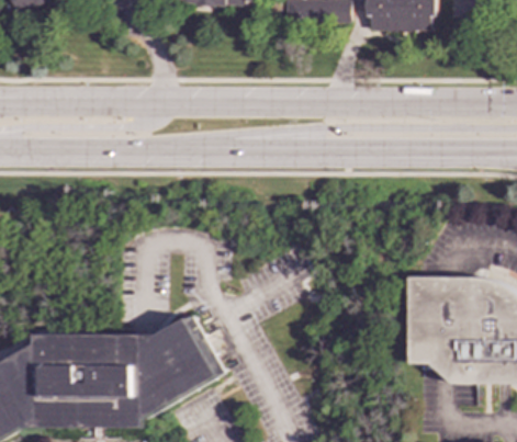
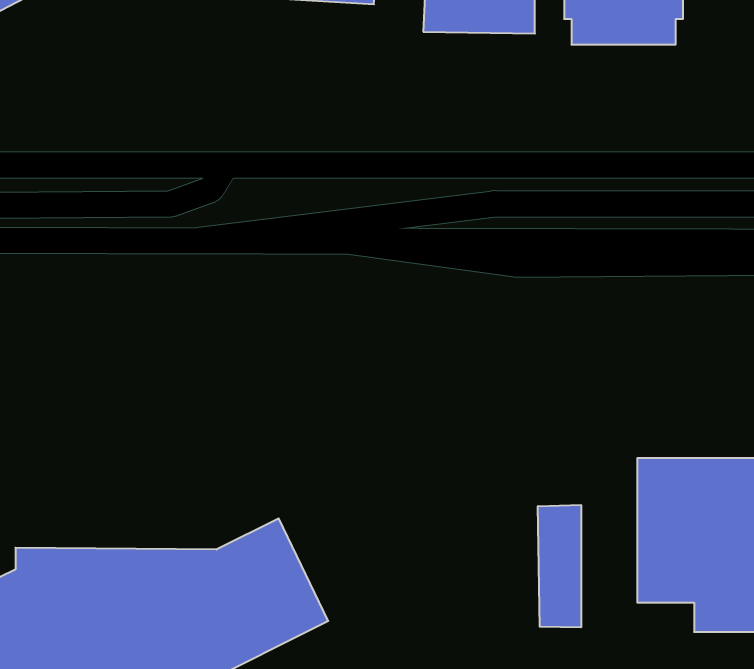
building: none -> [538,505,581,627]

